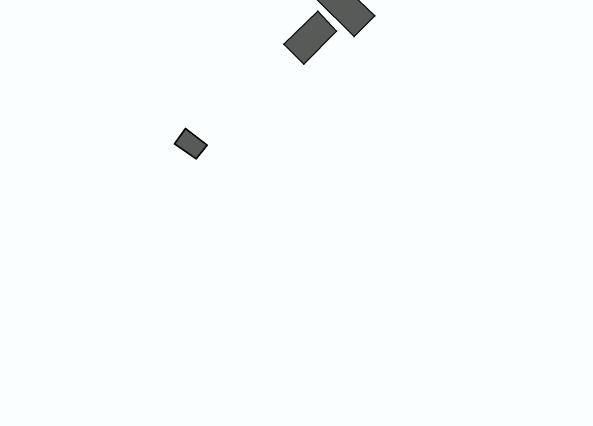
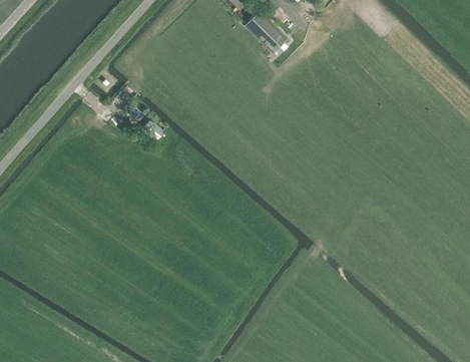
building: [284,11,337,64] -> none

